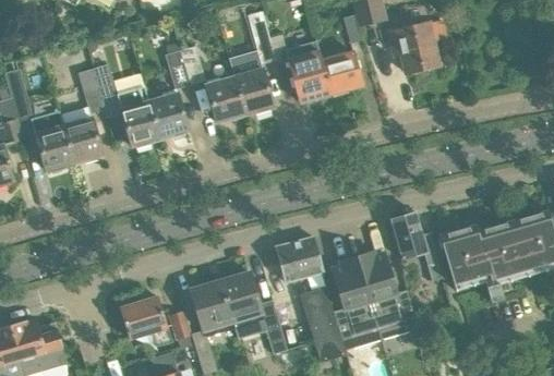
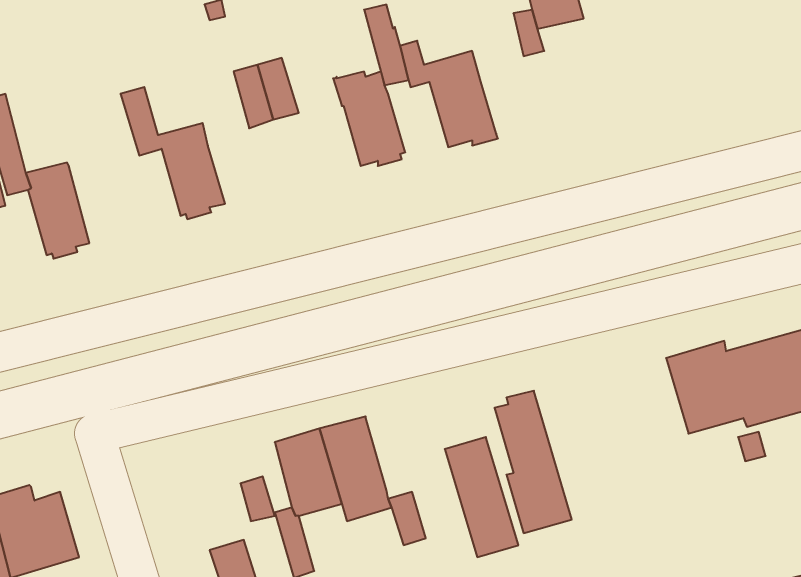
building: [389,21,445,72] -> none
building: [322,51,362,93] -> none
building: [60,68,105,162] -> none
building: [206,75,245,123] -> none
building: [148,92,188,137] -> none
building: [388,213,443,281] -> none
building: [275,236,321,282] -> none
building: [357,251,410,338] -> none
building: [119,296,170,345] -> none

